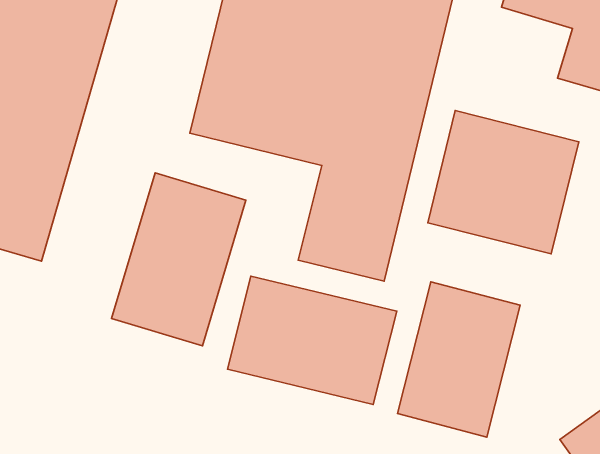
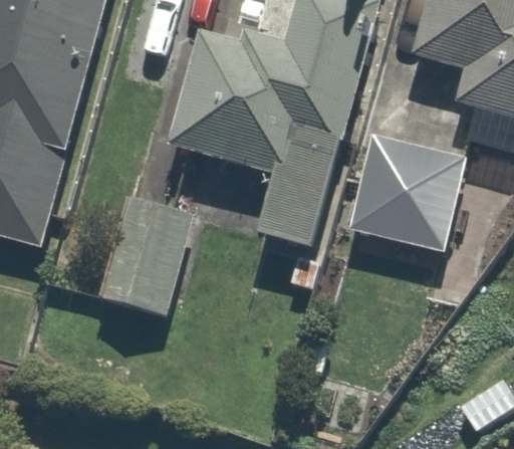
building: [227,276,397,404] -> none
building: [397,282,520,437] -> none

